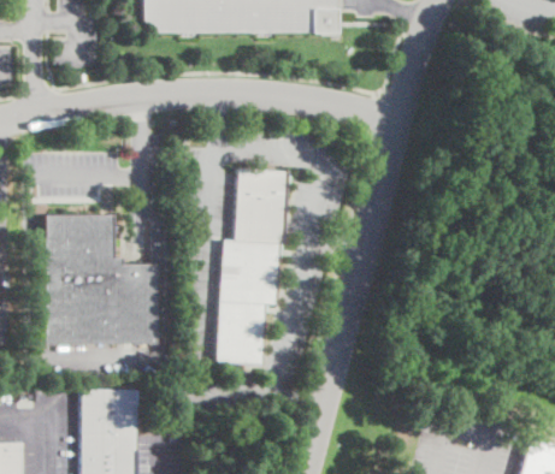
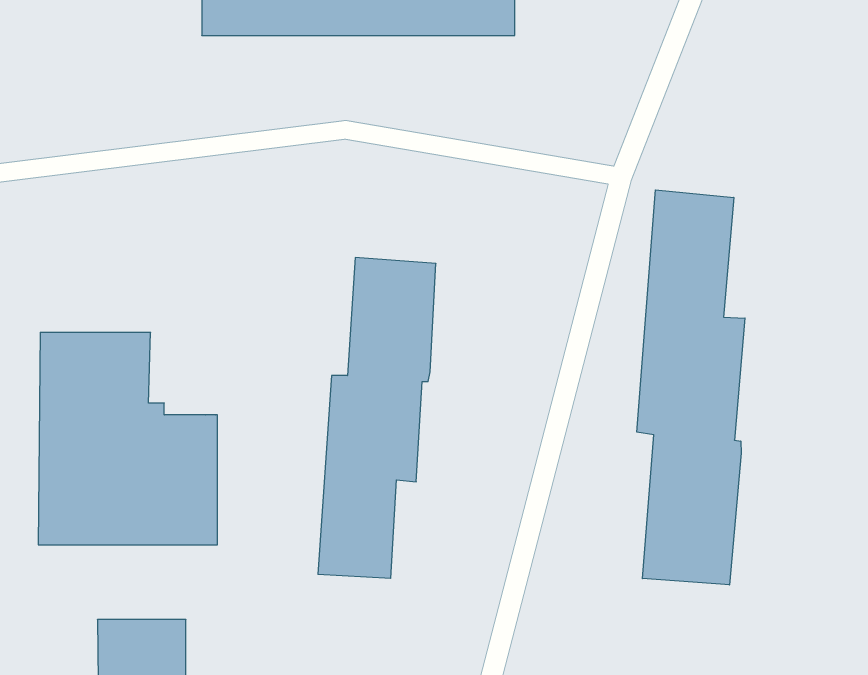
building: none -> [637,190,745,585]

